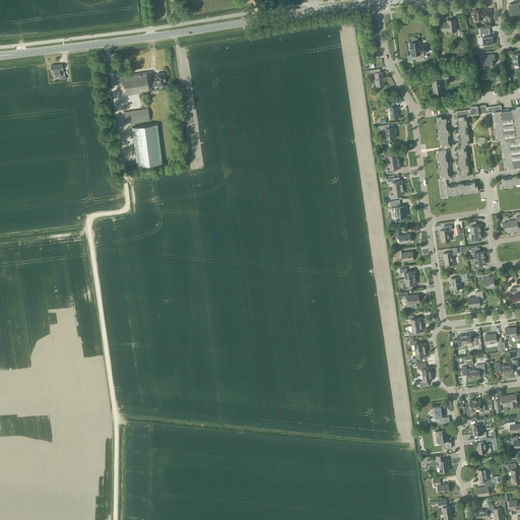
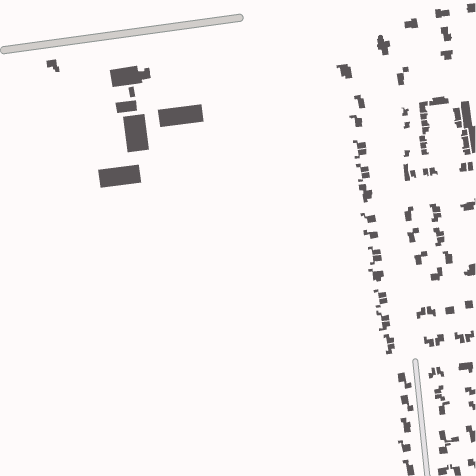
building: none -> [157,103,204,128]
building: none -> [97,164,142,189]

